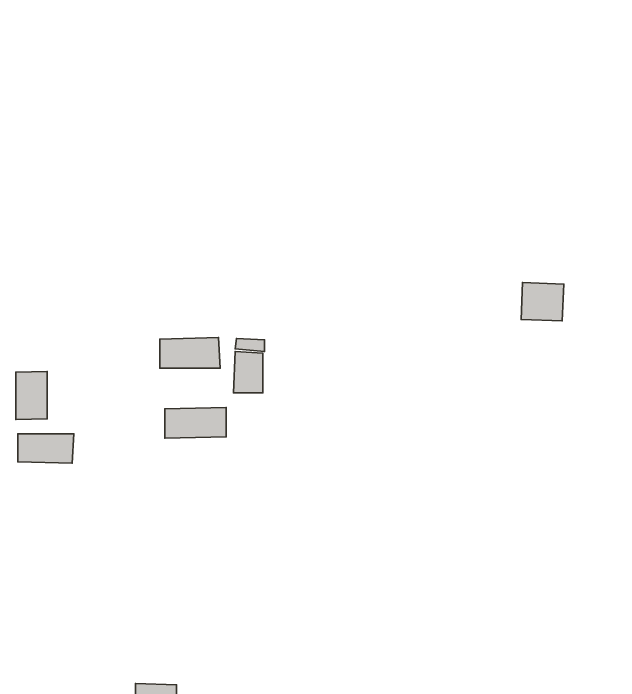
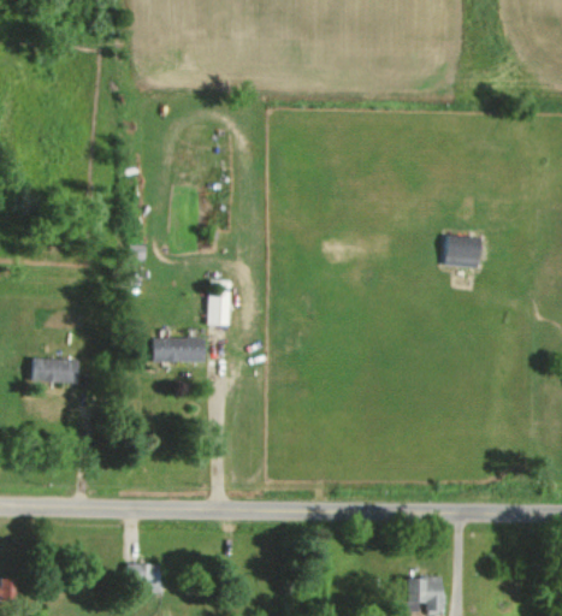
building: [160,338,220,368] -> none
building: [16,372,47,420] -> none

